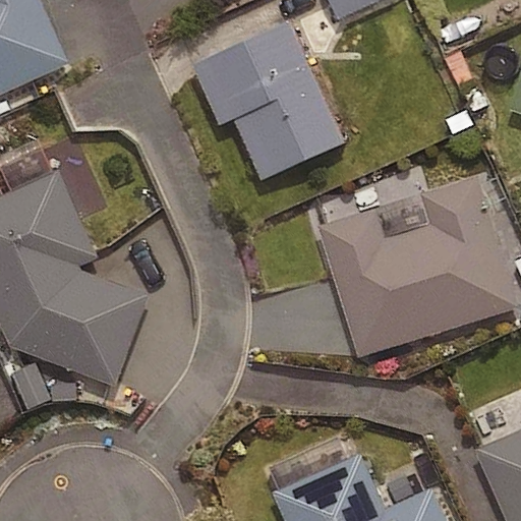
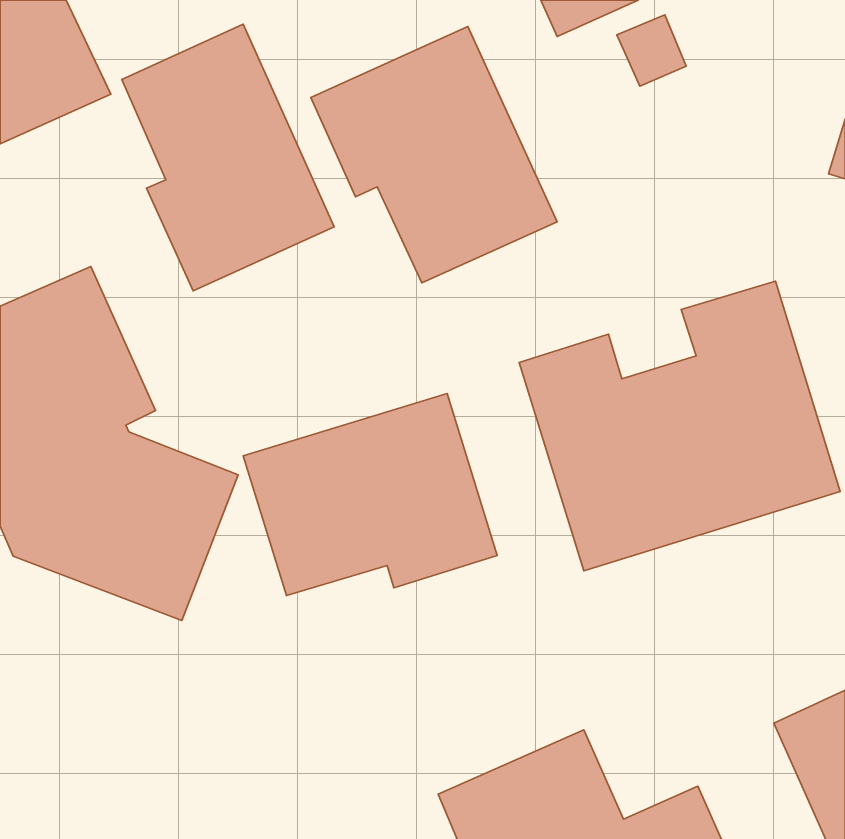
building: none -> [122,24,334,291]
building: none -> [243,394,497,596]

